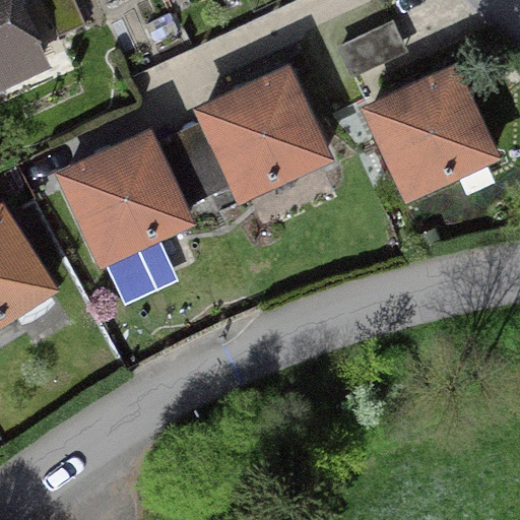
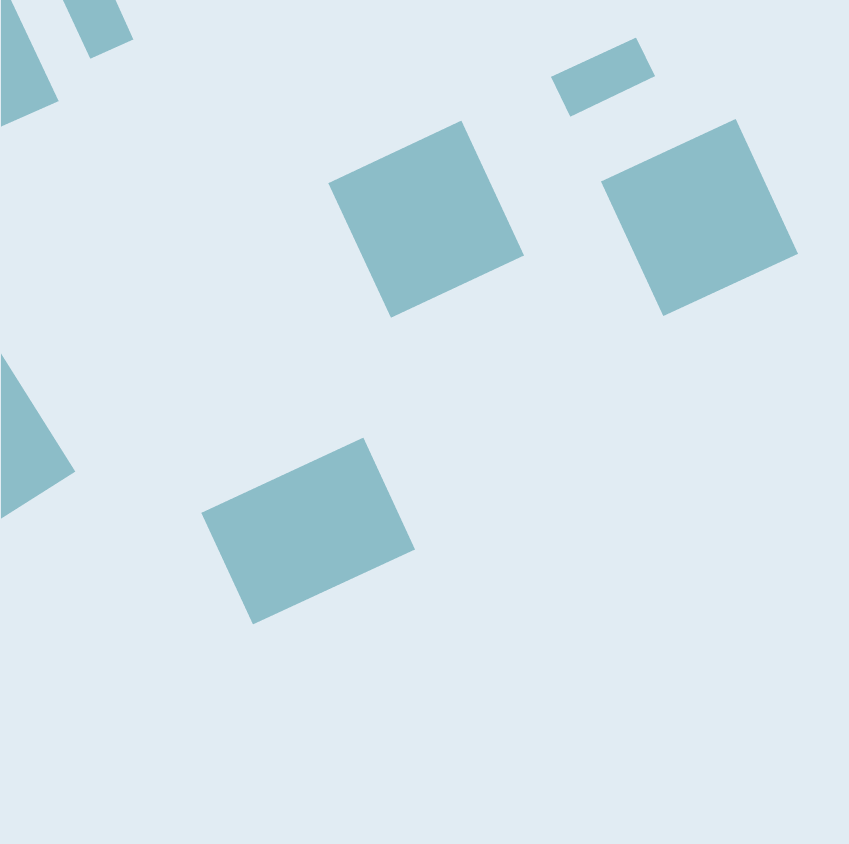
building: [62,137,183,259] -> none
building: none -> [200,437,416,626]

